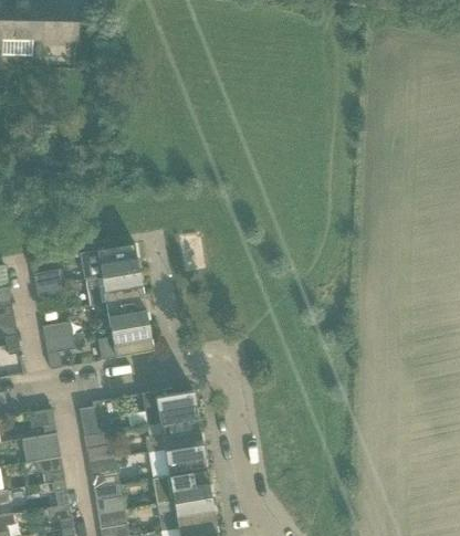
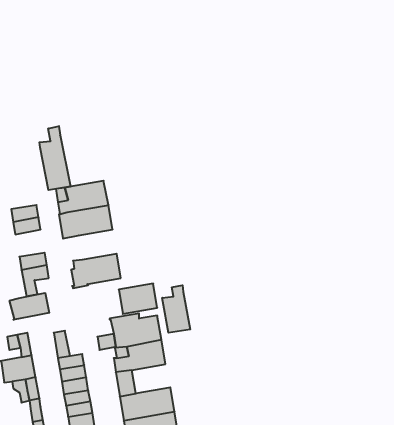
building: none -> [39,126,70,190]
building: [106,296,148,329] -> [119,284,157,314]
building: none -> [162,285,190,333]
building: none -> [10,293,49,320]
building: [165,443,207,475] -> none

